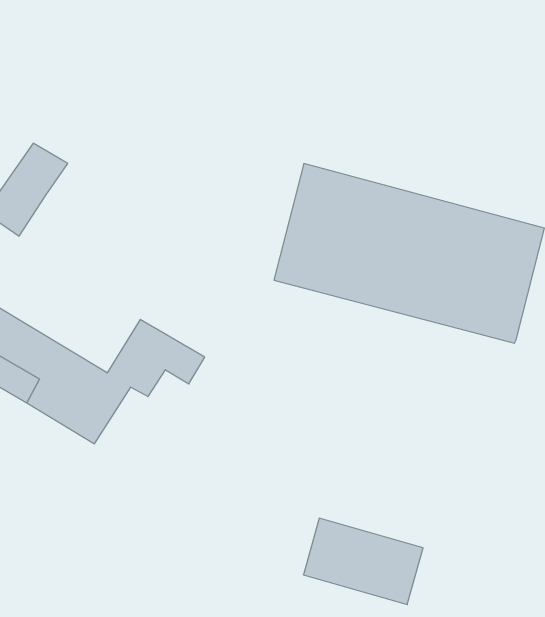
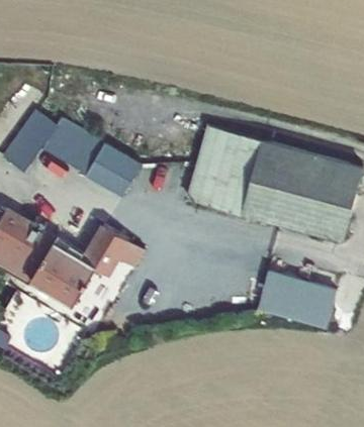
building: none -> [41,120,142,197]
building: [303,518,423,605] -> [258,272,335,327]

